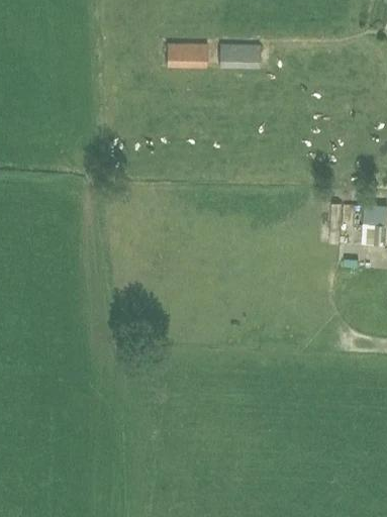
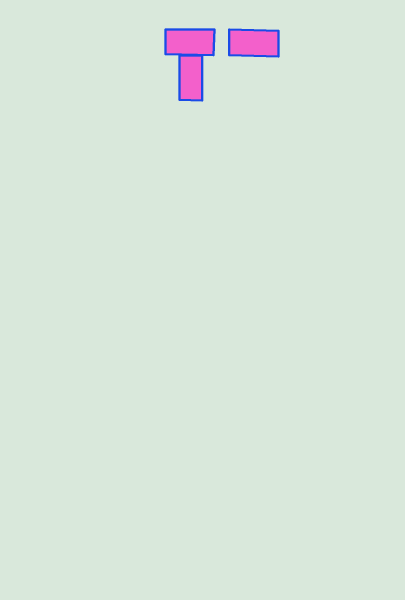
building: none -> [179,55,202,100]

